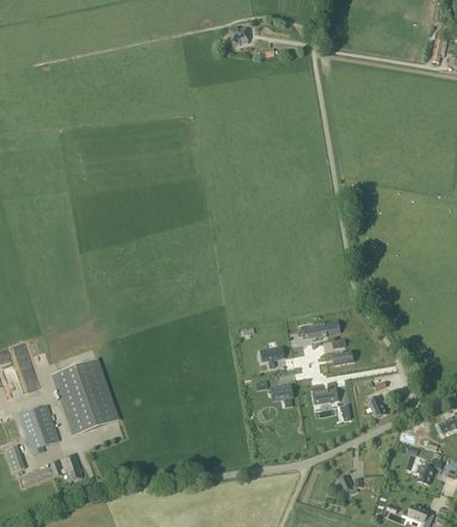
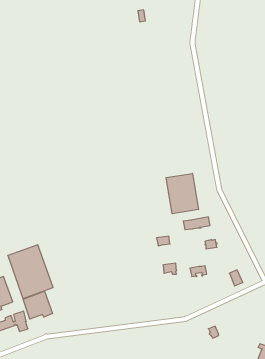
building: none -> [166,173,198,214]
building: none -> [23,291,53,319]

